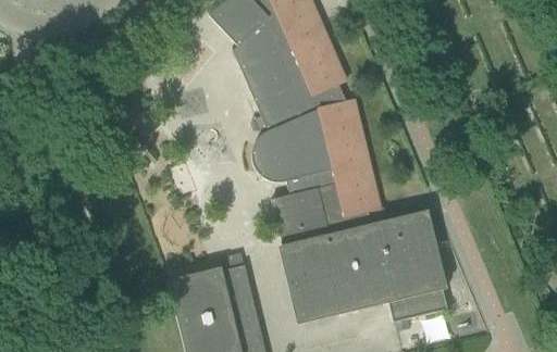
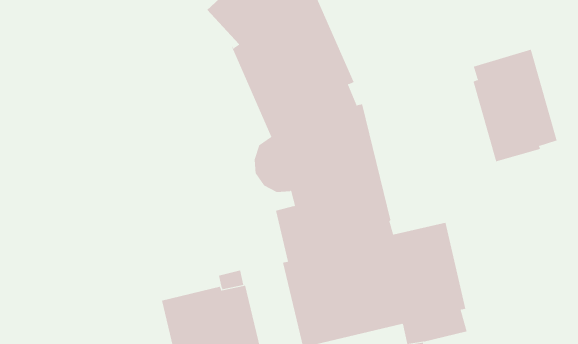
building: none -> [473,49,558,162]

